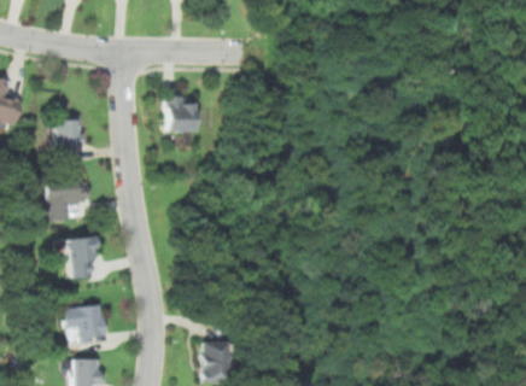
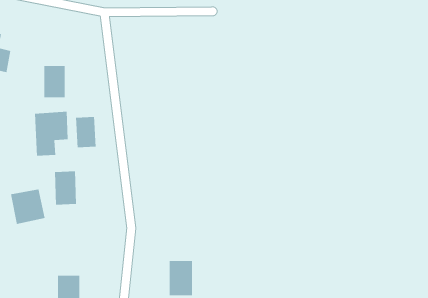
building: [168,95,194,131] -> none
building: none -> [76,116,96,148]
building: [66,304,107,345] -> [10,189,45,224]

